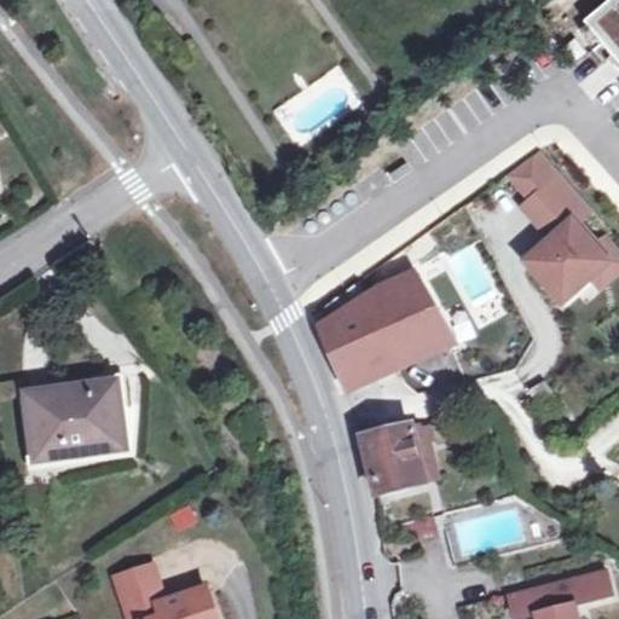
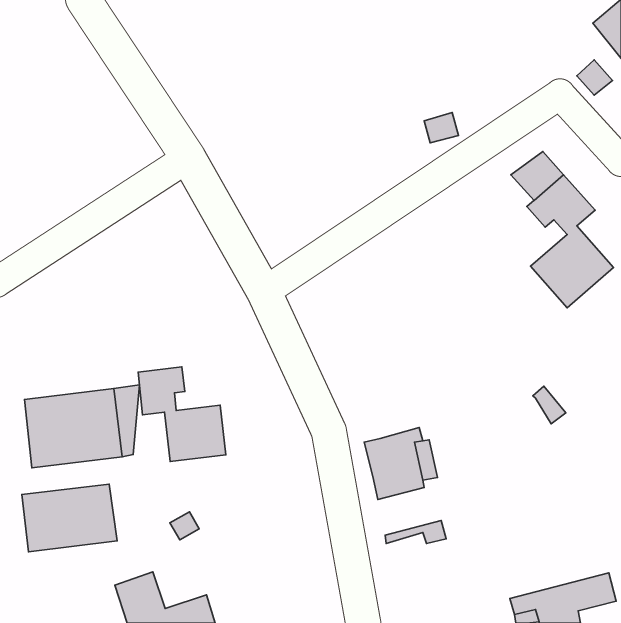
building: [318,272,453,391] -> none
building: none -> [138,367,226,462]
building: none -> [22,484,117,552]

